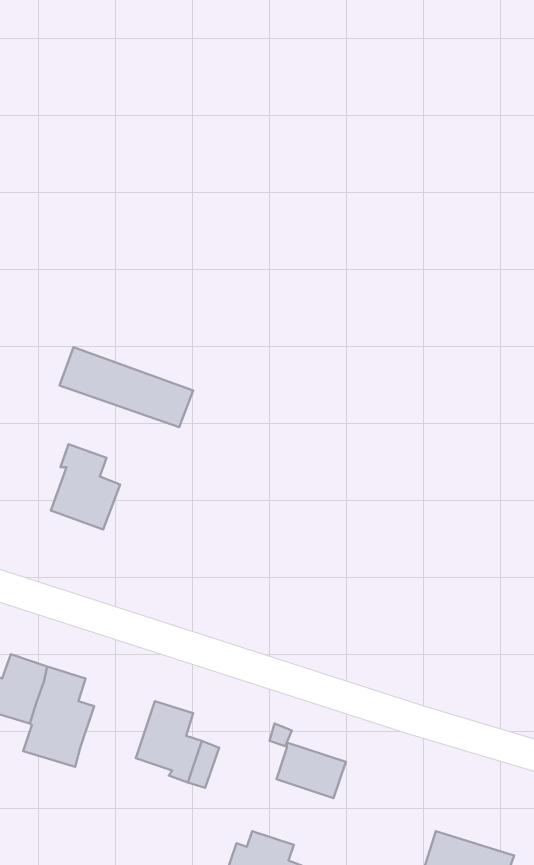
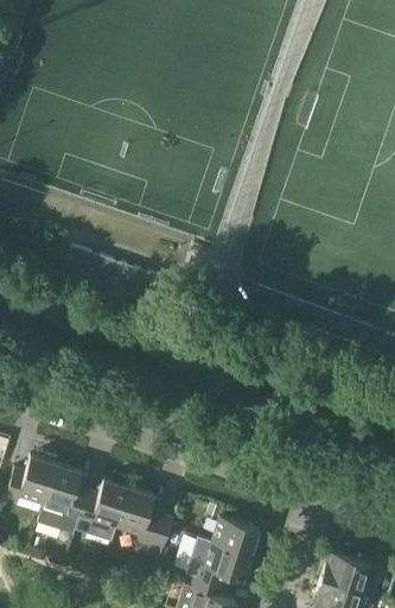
building: [51,444,120,529] -> none
building: none -> [78,480,129,527]
building: none -> [186,538,251,587]
building: none -> [321,552,383,594]

